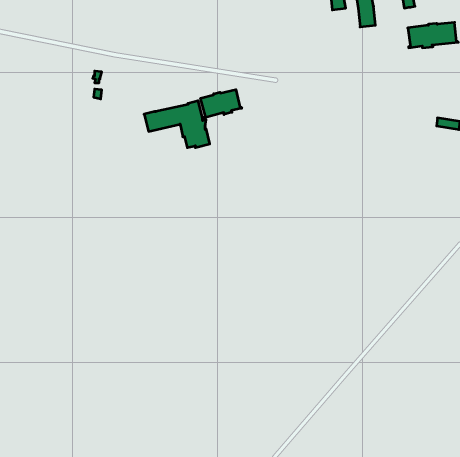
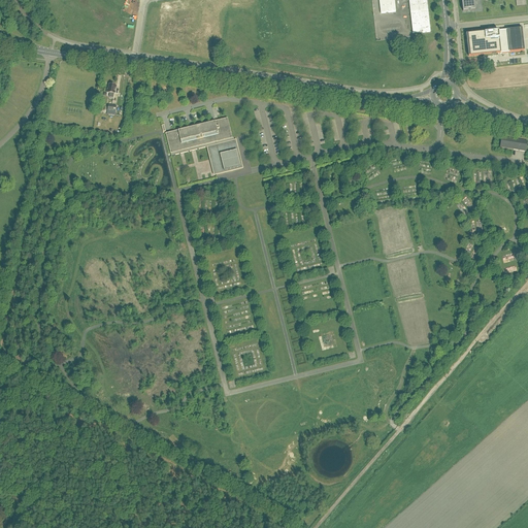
building: [201,90,242,118] -> none

